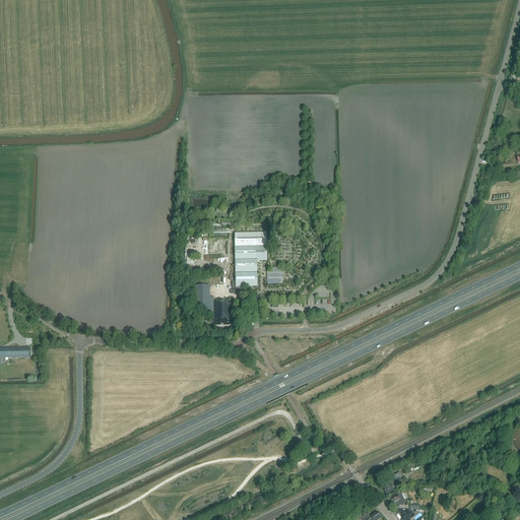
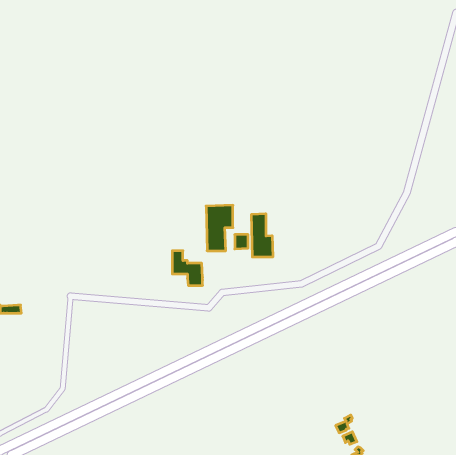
building: none -> [252,214,273,257]

